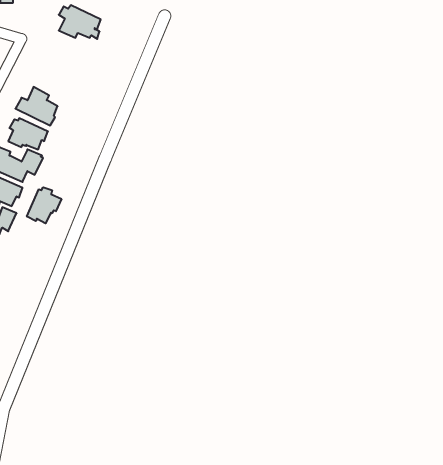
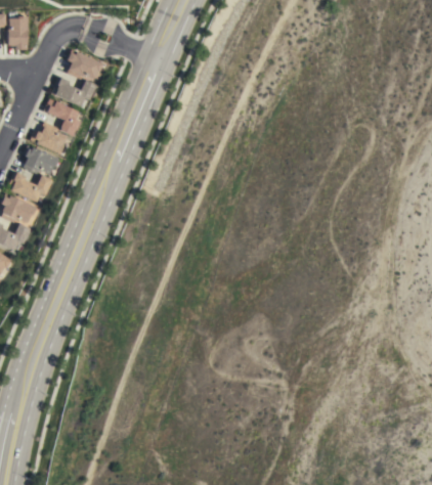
building: none -> [52,76,97,106]
building: none -> [44,98,80,136]
building: [27,187,61,223] -> none

